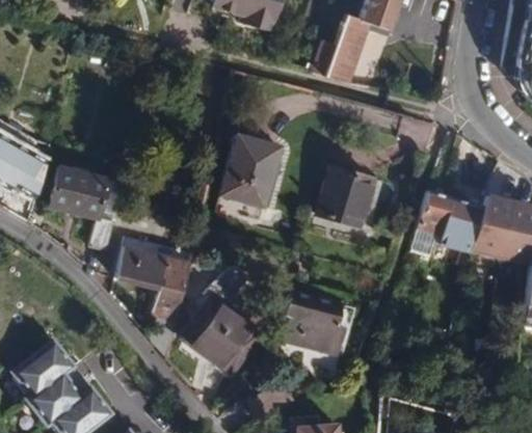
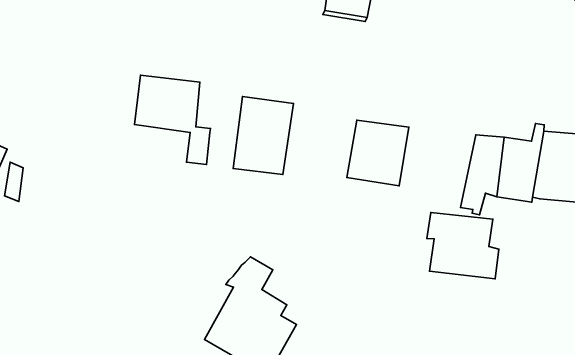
building: [50,167,114,250] -> [134,75,211,165]
building: [116,246,191,322] -> none
building: [283,292,344,355] -> [427,212,499,279]

